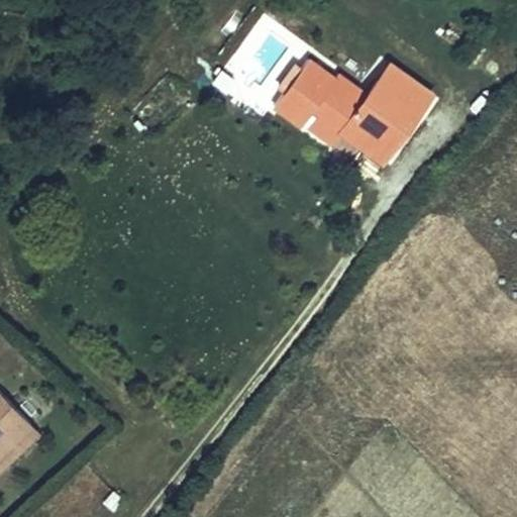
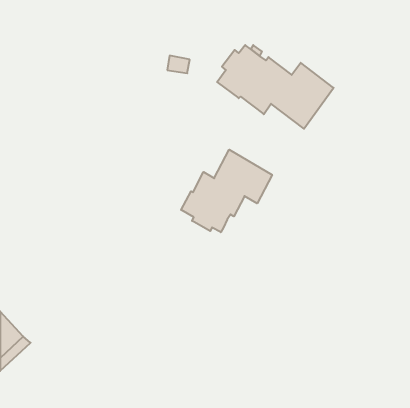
building: [379,67,433,114] -> none
building: none -> [181,150,272,232]

